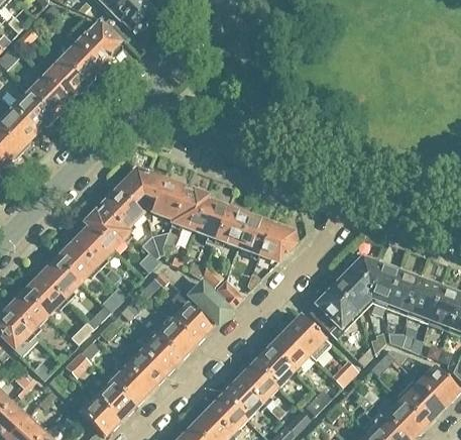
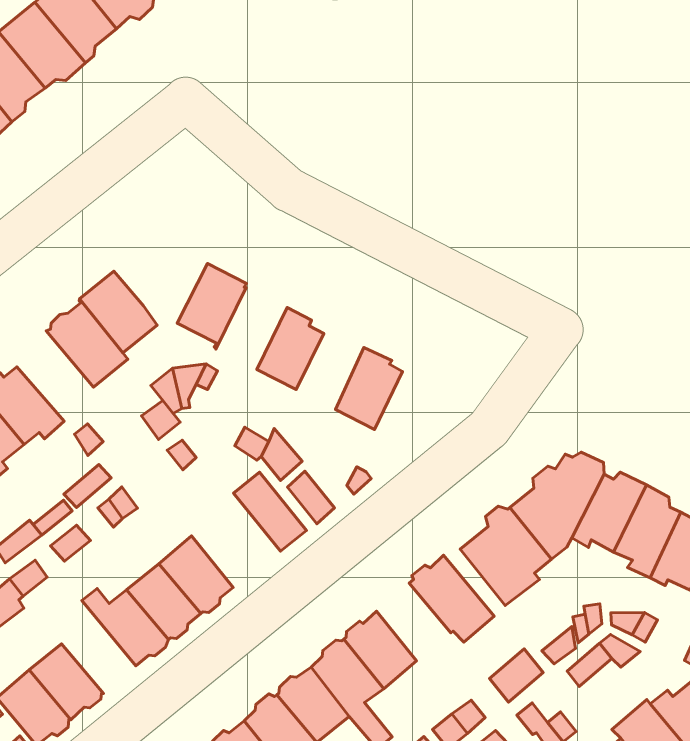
building: [116,170,163,212] -> none
building: [172,190,207,231] -> none
building: [216,209,248,247] -> none
building: [72,223,112,268] -> none
building: [258,223,296,264] -> none
building: [170,290,211,344] -> none
building: [269,332,309,371] -> none
building: [110,359,149,406] -> none

